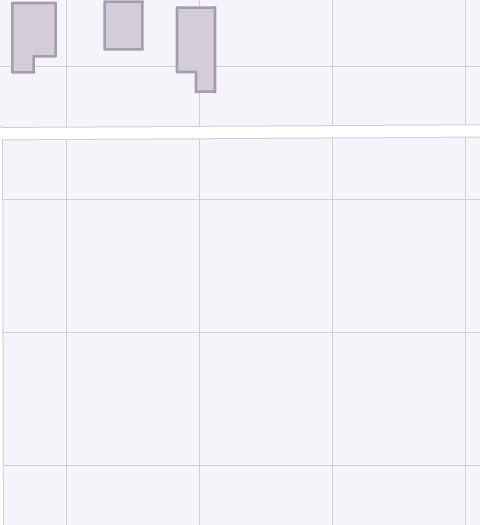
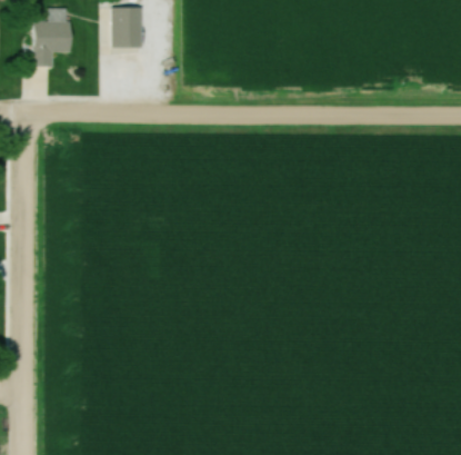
building: [177,7,215,92] -> none

